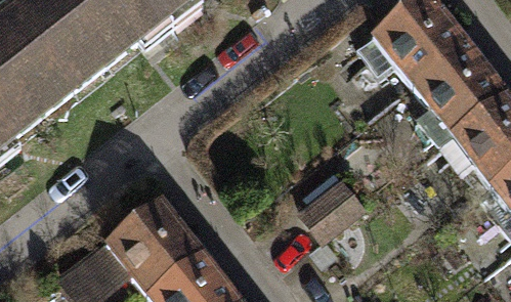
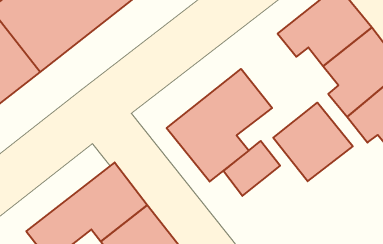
building: none -> [167,69,272,182]
building: none -> [273,103,353,181]

